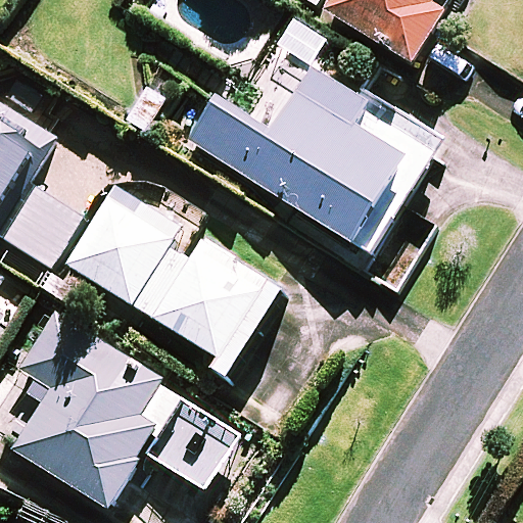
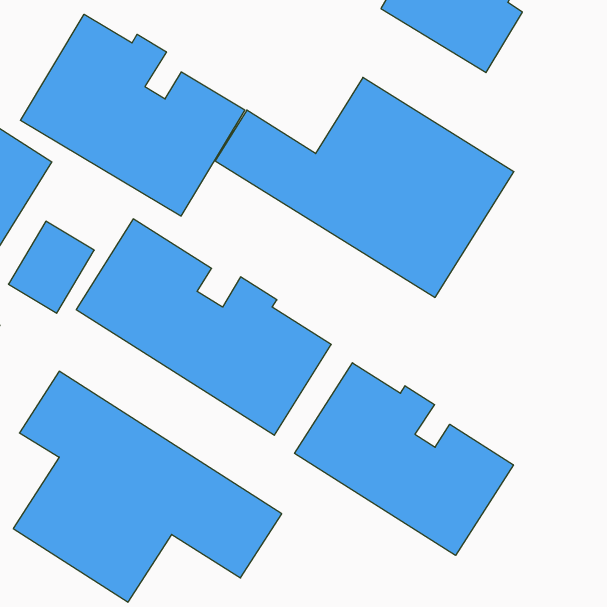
building: none -> [20,14,245,216]
building: none -> [295,363,513,555]

